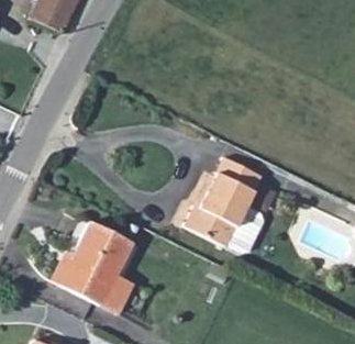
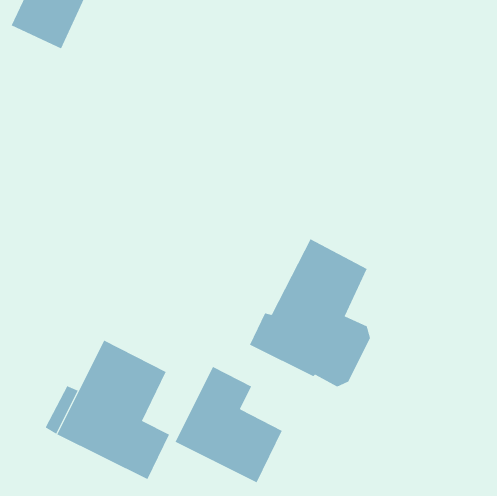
building: none -> [175,366,282,483]

